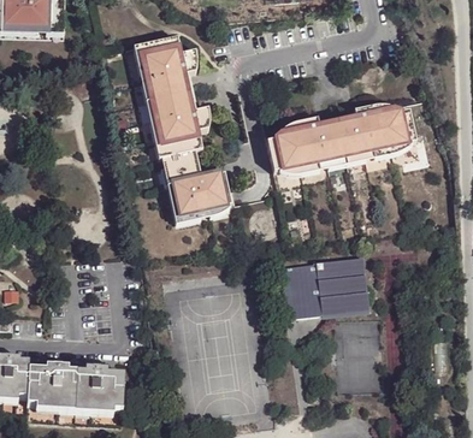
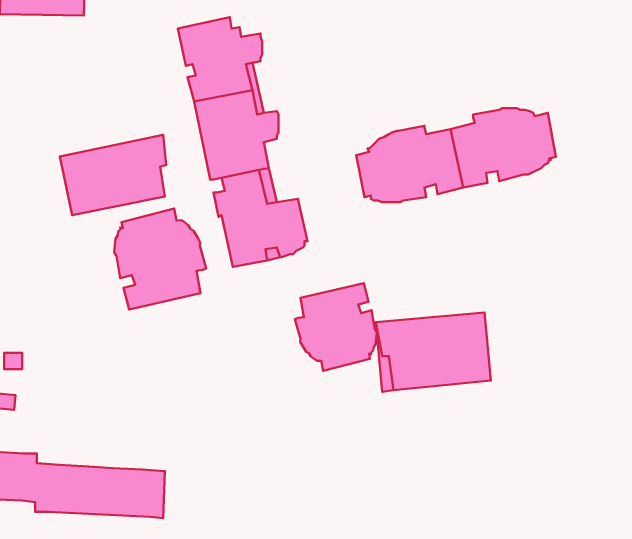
building: none -> [60,135,166,215]
building: none -> [114,209,206,309]
building: none -> [295,283,377,371]

